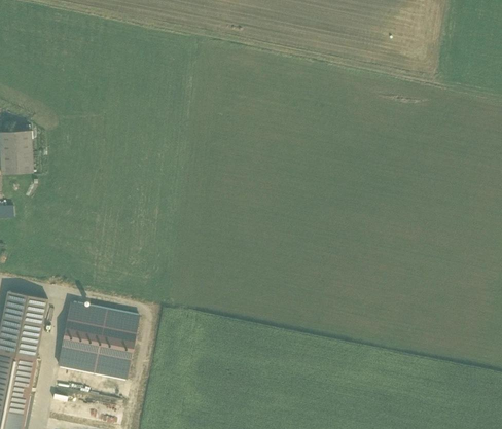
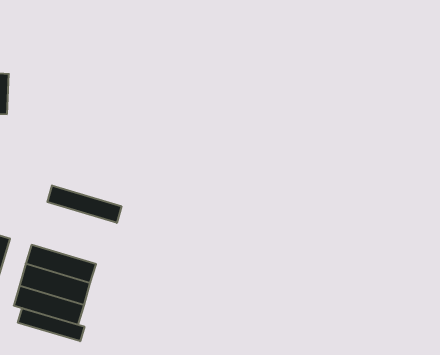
building: none -> [47,185,121,223]
building: none -> [18,308,84,341]

